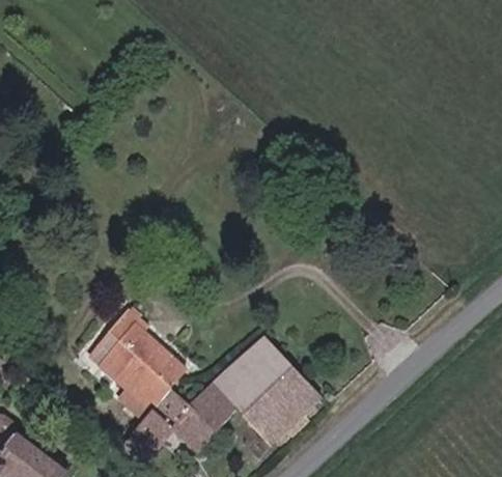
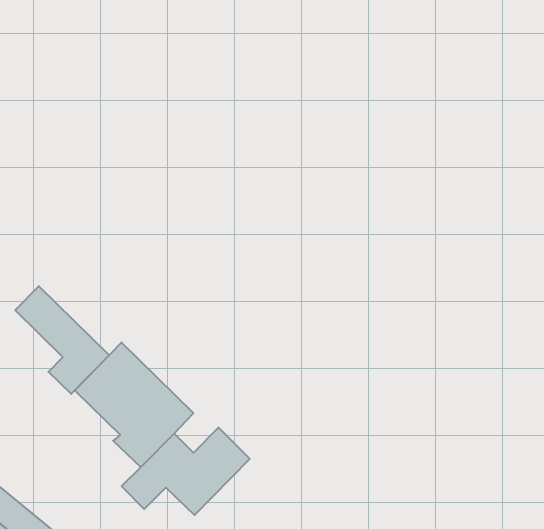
building: none -> [15,286,109,394]
building: [210,332,325,446] -> none

